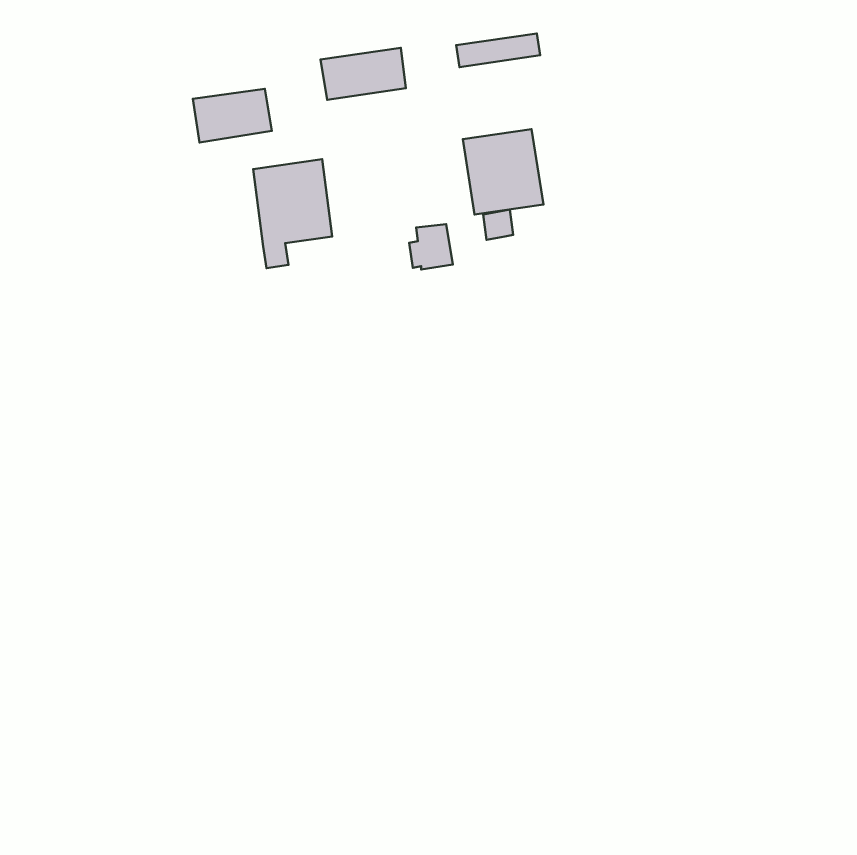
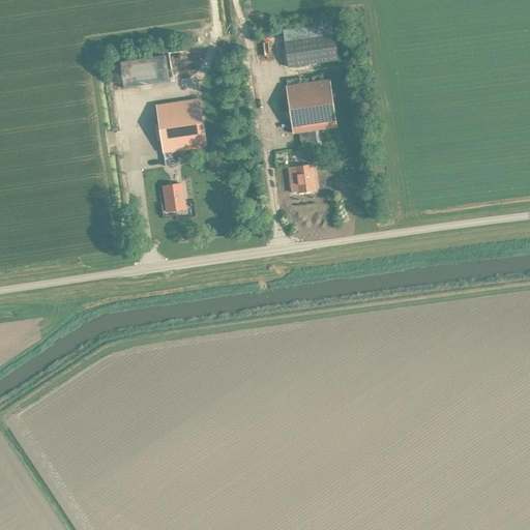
building: [320,48,406,100] -> [284,34,336,66]
building: [409,224,453,270] -> [289,165,316,193]
building: none -> [166,183,186,210]

